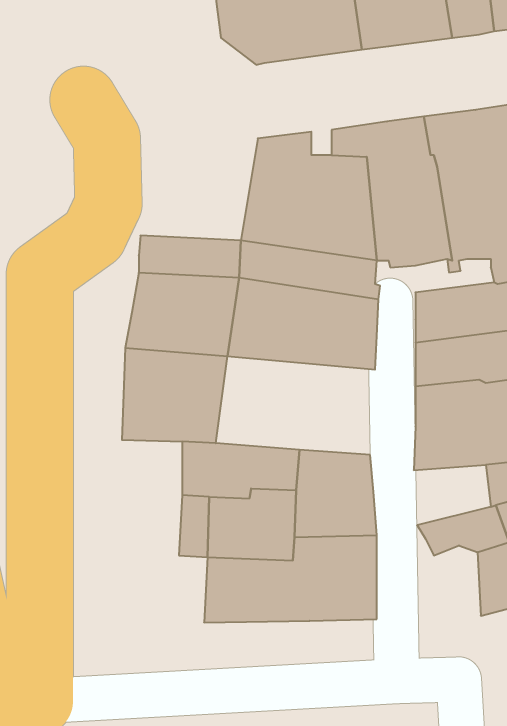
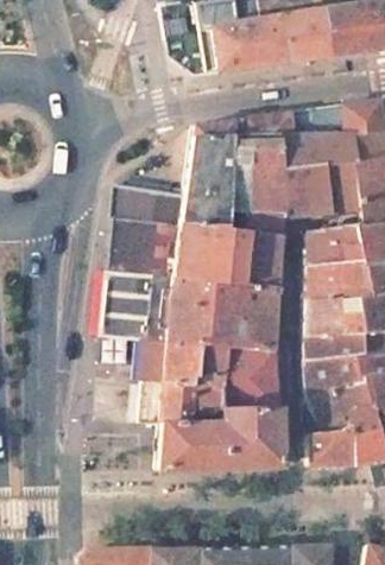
building: none -> [168,280,280,350]
building: none -> [308,357,362,400]
building: none -> [310,414,355,466]

